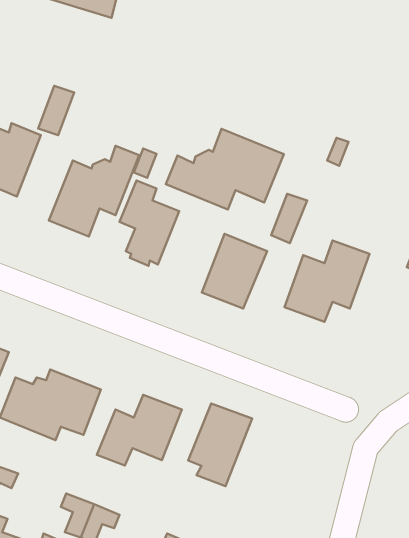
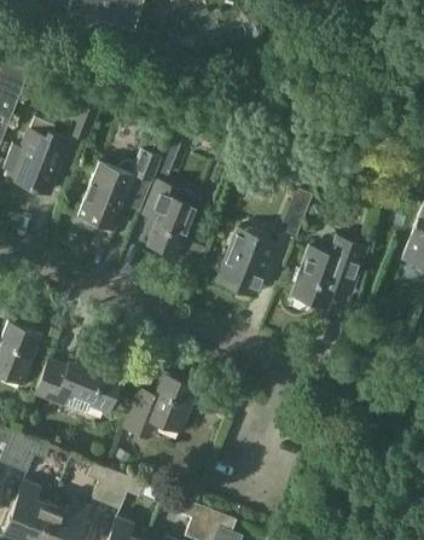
building: [166,129,284,210] -> none
building: [188,404,252,486] -> none

